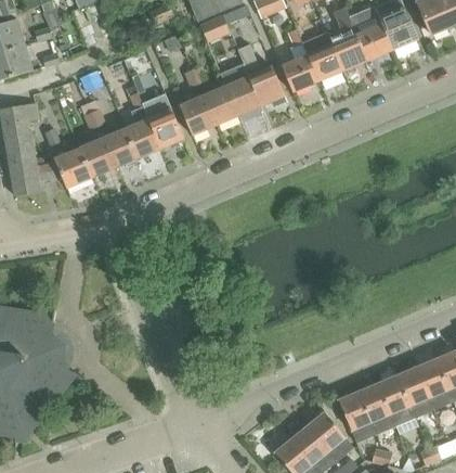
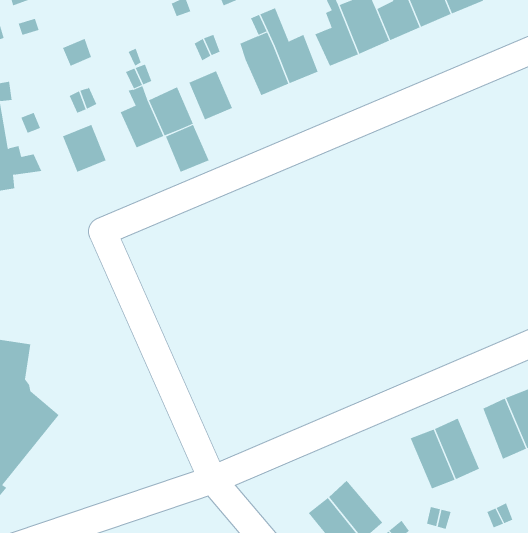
building: [203,86,238,125] -> none
building: [102,128,138,167] -> [165,124,210,173]
building: [54,148,90,188] -> none
building: [398,368,433,417] -> none
building: [339,392,376,442] -> none
building: [308,411,353,460] -> none

